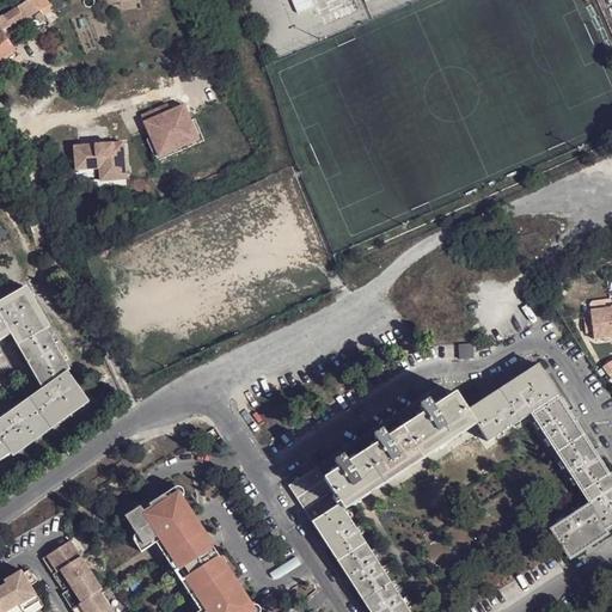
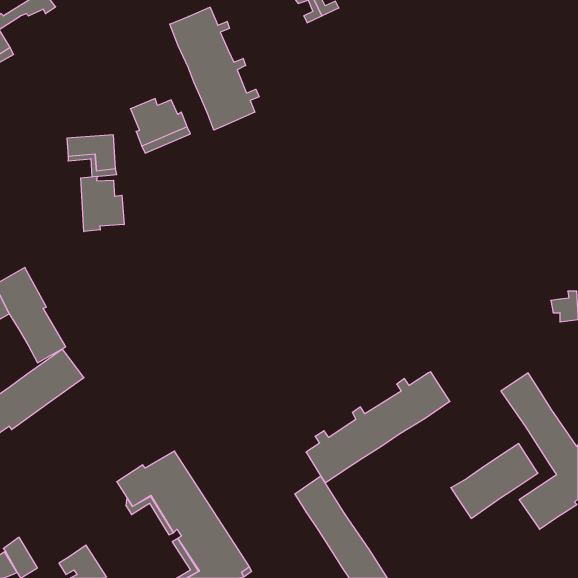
building: none -> [170,7,259,130]
building: none -> [81,176,124,232]
building: [465,362,557,441] -> [451,444,538,518]
building: [287,466,338,521] -> none
building: [44,543,91,588] -> none

